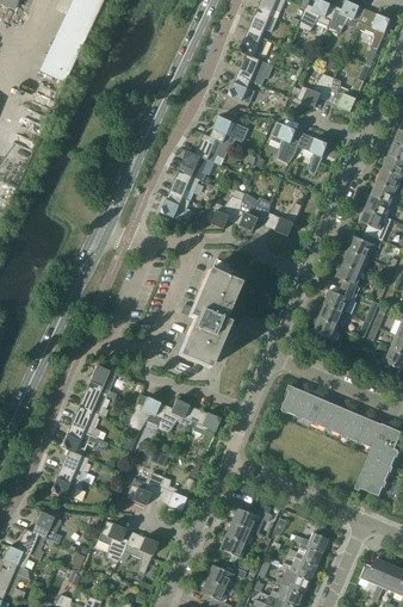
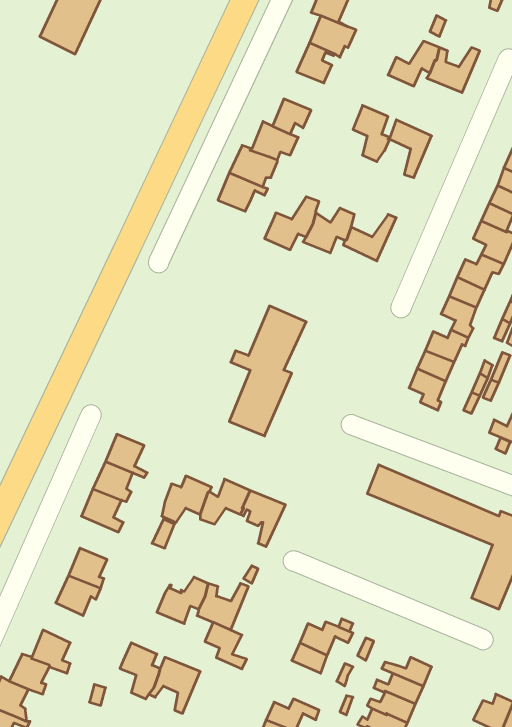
building: [161,191,191,221] -> none
building: [61,426,97,458] -> none
building: [219,533,250,568] -> [205,622,247,669]

